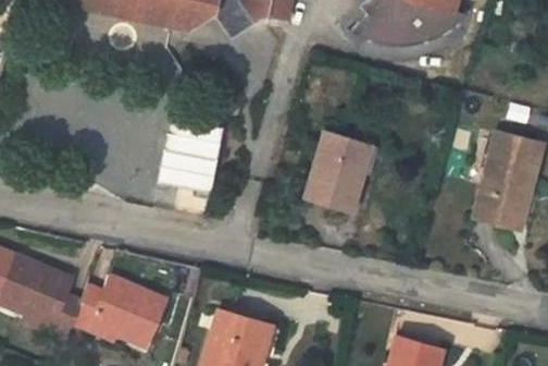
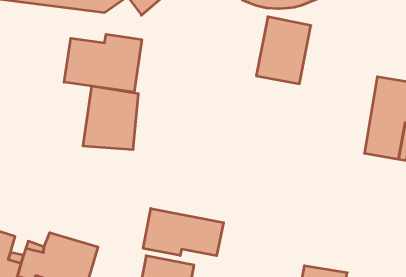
building: none -> [64,34,142,92]
building: [304,131,371,209] -> [256,17,311,84]
building: none -> [143,208,224,256]

